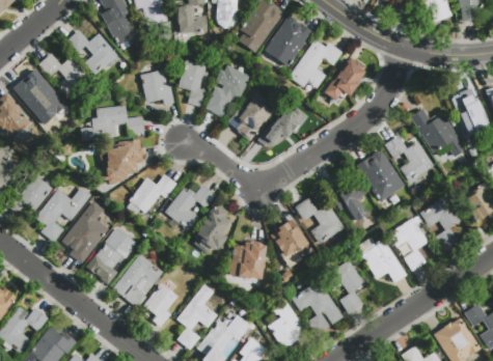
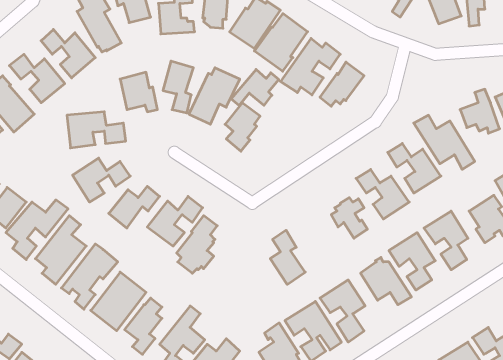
building: [261,107,304,140] -> [231,69,279,105]
building: [295,197,344,243] -> none
building: [227,241,266,279] -> none

